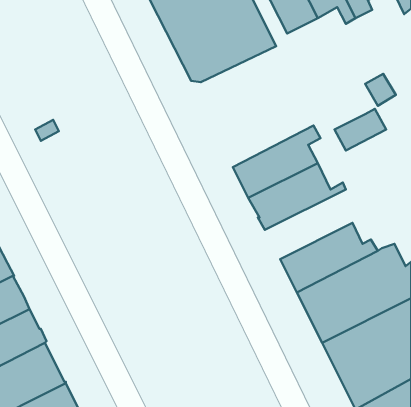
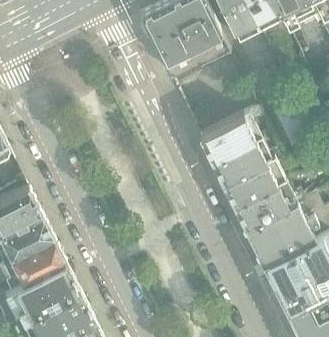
building: none -> [223,153,286,203]

